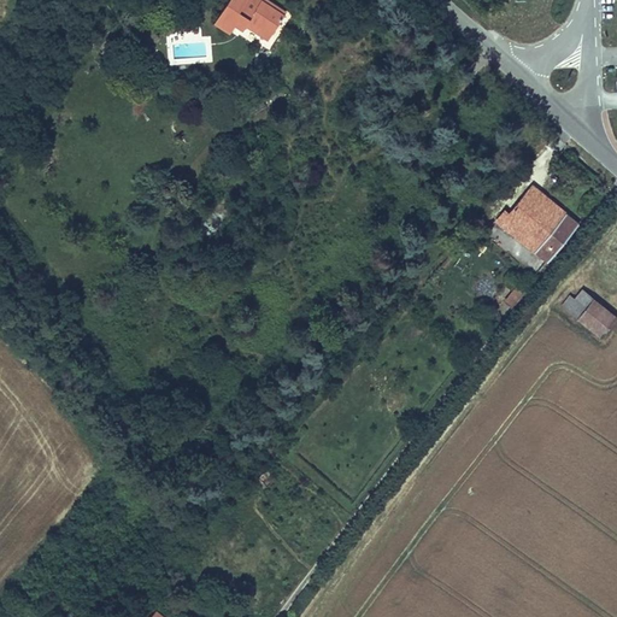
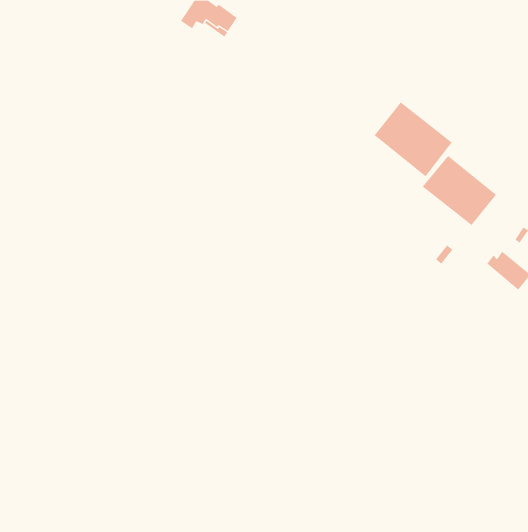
building: none -> [374,101,452,177]

